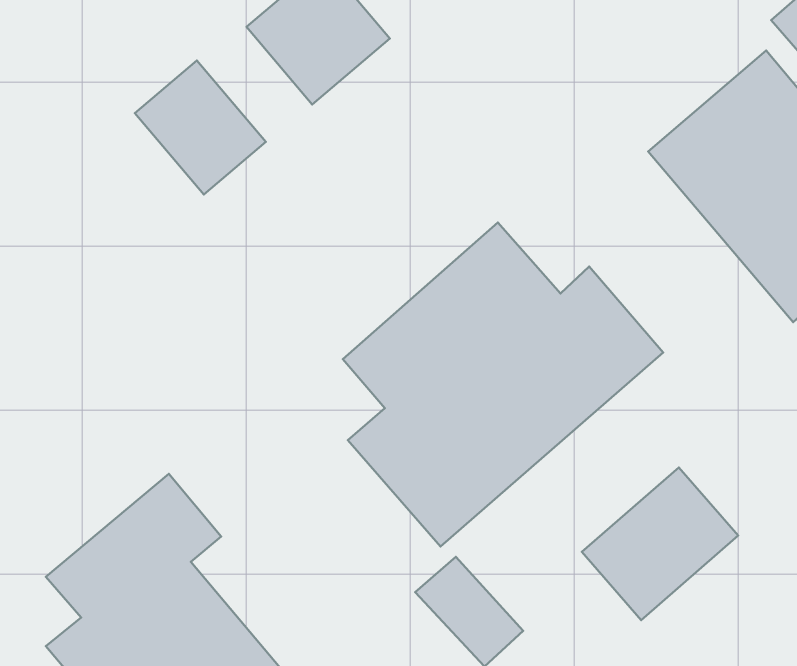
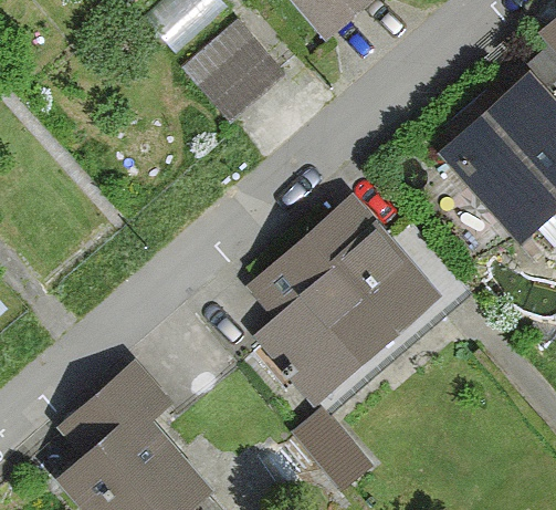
building: [135,61,266,194] -> none
building: [582,467,738,620] -> none

